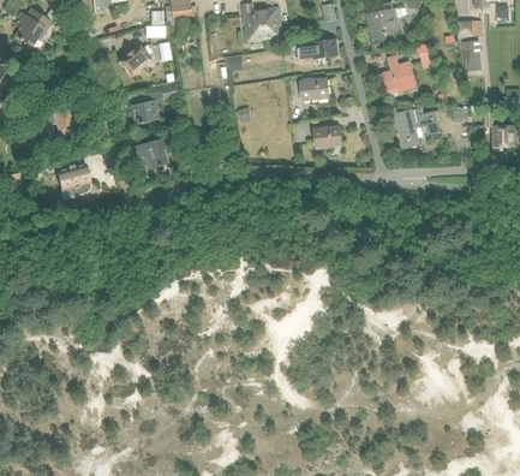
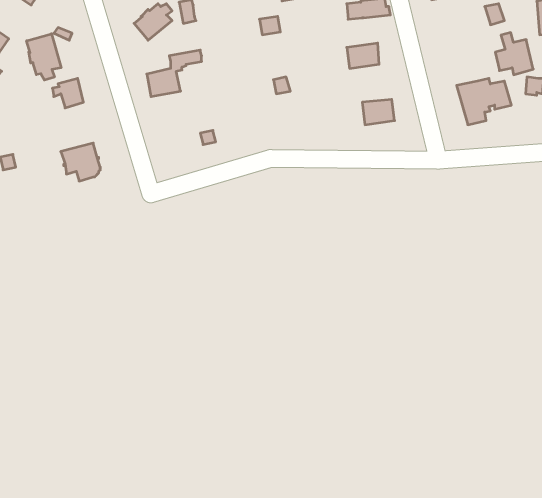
building: [383,56,416,93] -> [495,33,533,75]
building: none -> [27,34,61,80]
building: [131,138,166,169] -> none

